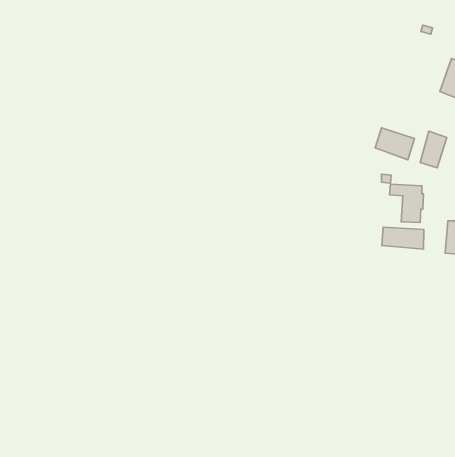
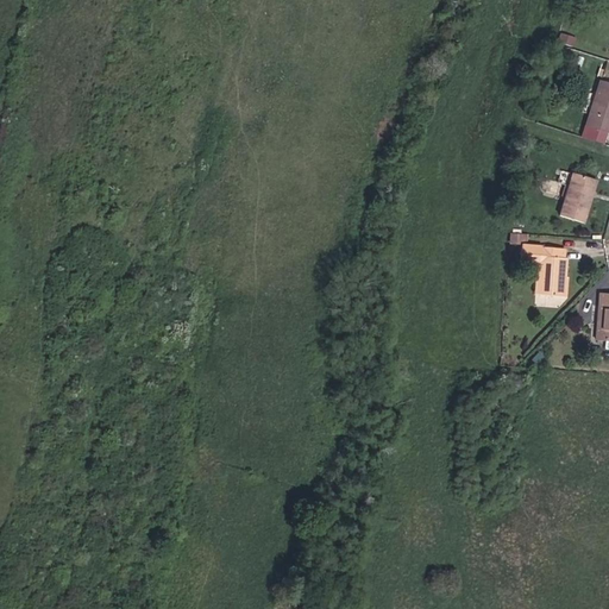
building: [375,128,414,160] -> none
building: [382,227,424,249] -> none

